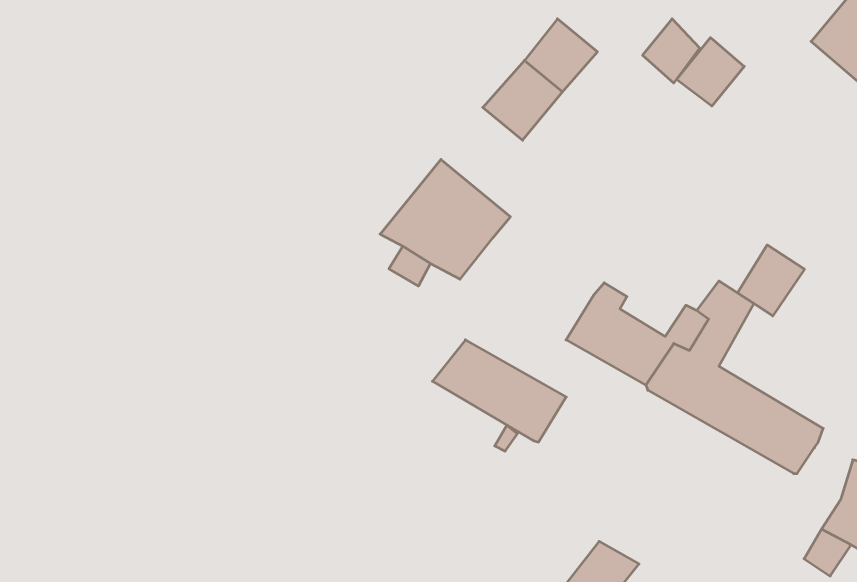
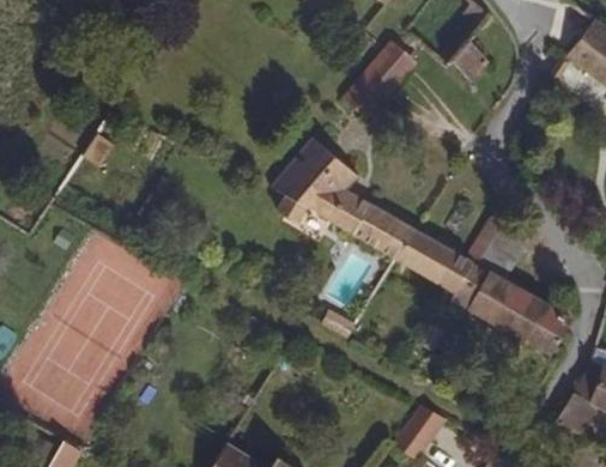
building: [677,38,744,106] -> none
building: [737,245,804,316] -> none
building: [432,340,566,442] -> [323,192,416,262]

